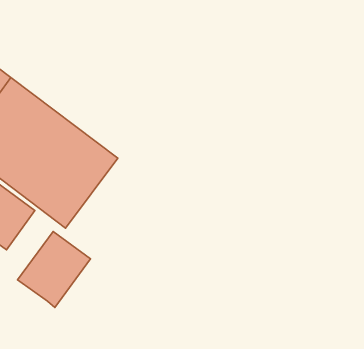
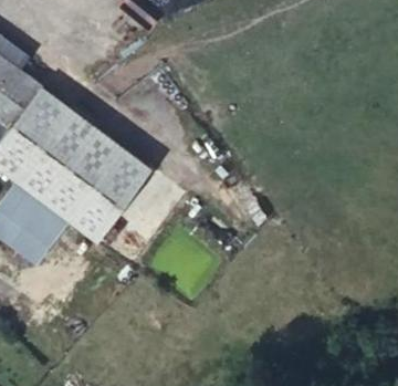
building: [18,231,90,307] -> none

